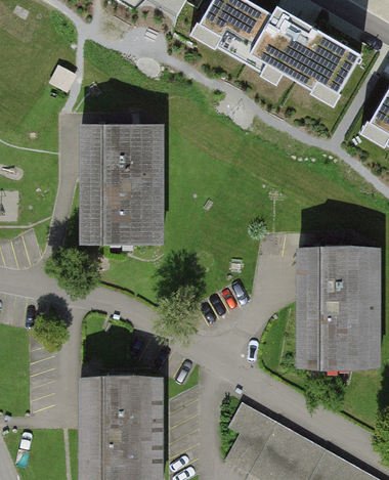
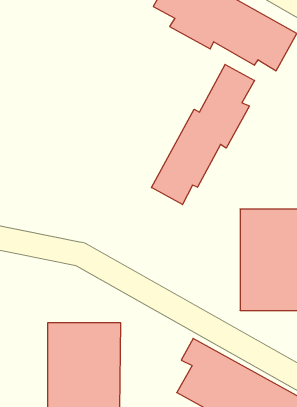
building: none -> [151,64,255,205]
building: [81,129,164,244] -> none

